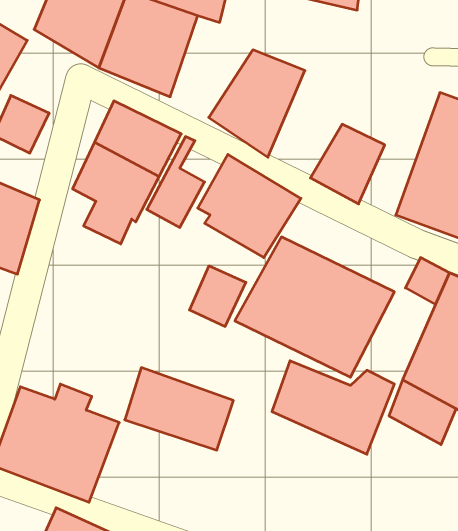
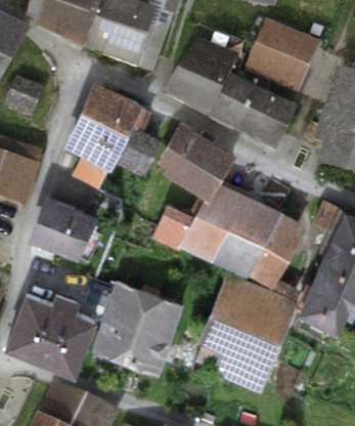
building: none -> [243,20,320,95]
building: none -> [209,78,264,136]
building: none -> [30,195,91,255]
building: none -> [197,310,282,390]
building: none -> [91,316,171,375]

